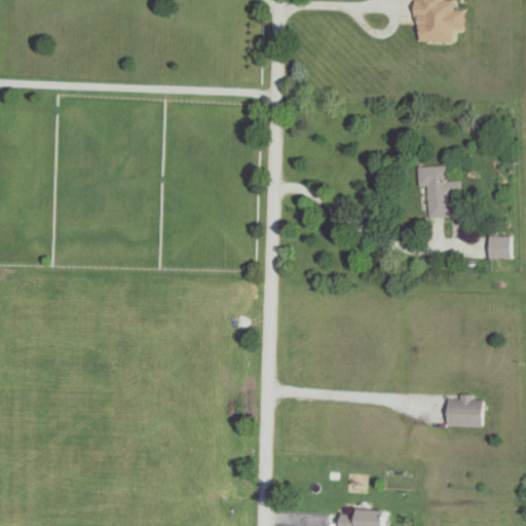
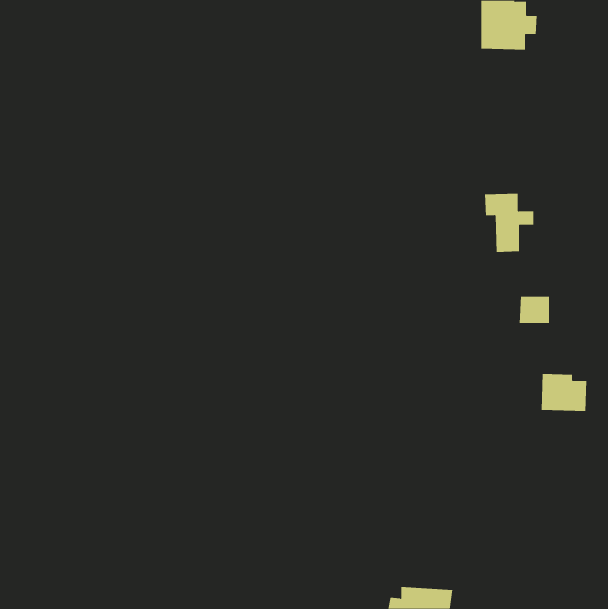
building: [488,234,515,258] -> [519,296,550,324]
building: [445,393,485,426] -> [541,373,587,411]

